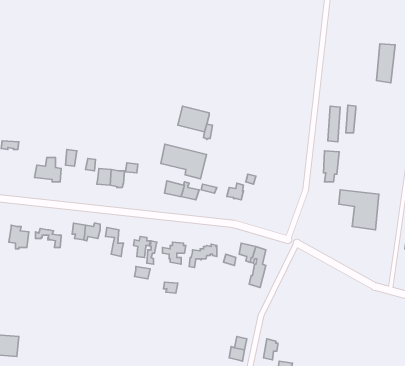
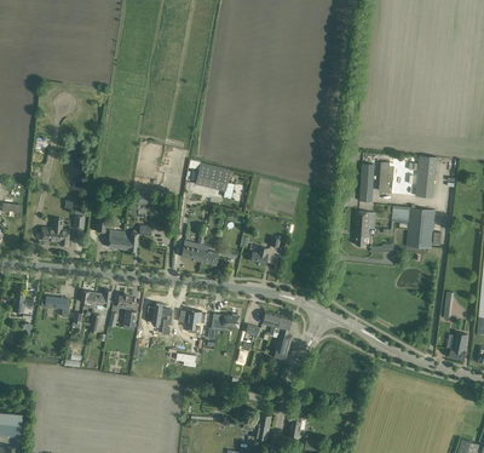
building: [376,44,395,83] -> [416,155,437,197]
building: [161,144,206,179] -> none
building: [339,190,379,230] -> [392,205,436,248]

